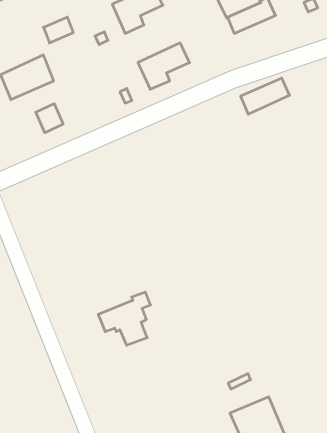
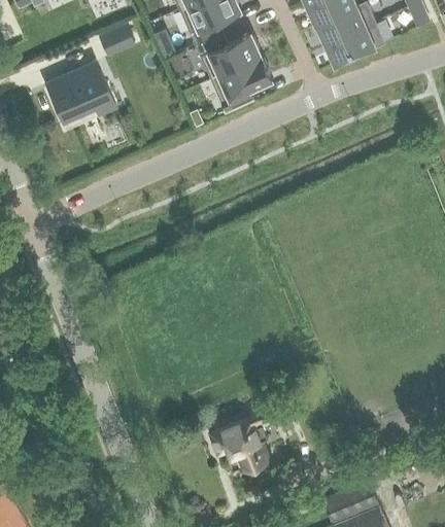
building: none -> [197,32,263,78]
building: [241,78,290,114] -> [328,22,386,65]
building: [36,104,63,133] -> none
building: [98,292,151,345] -> [210,405,273,468]

